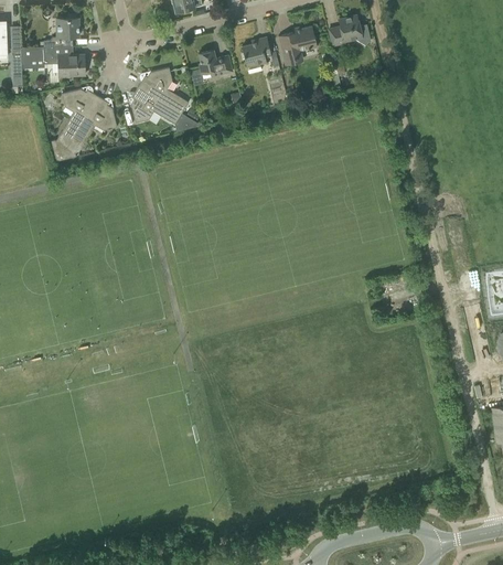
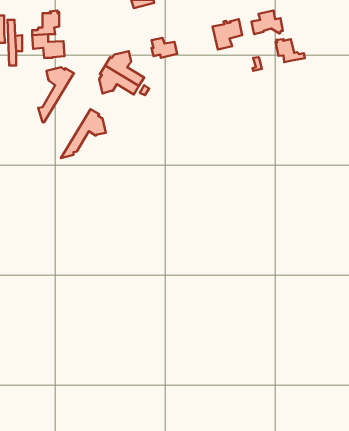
building: [242,36,271,73] -> none
building: none -> [275,39,305,62]
building: [58,96,117,160] -> [61,109,106,158]

